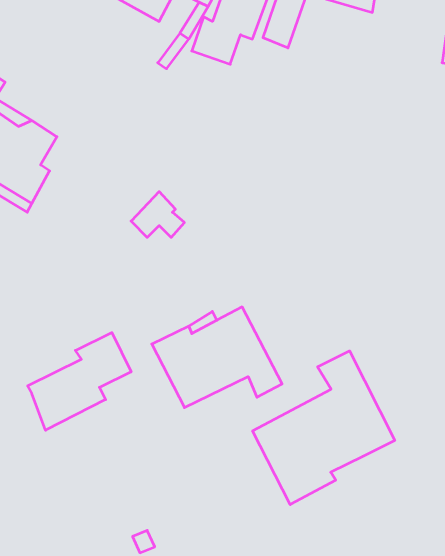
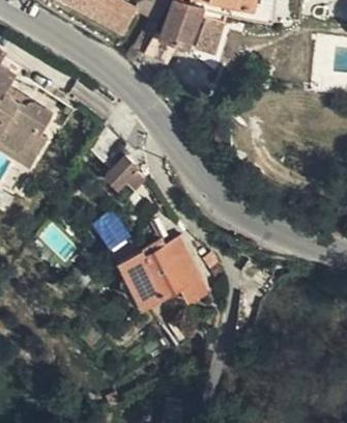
building: [28,333,131,430] -> none
building: [253,351,395,505] -> none

